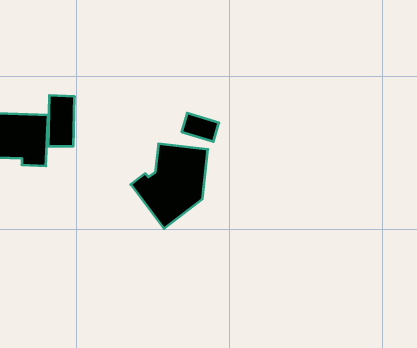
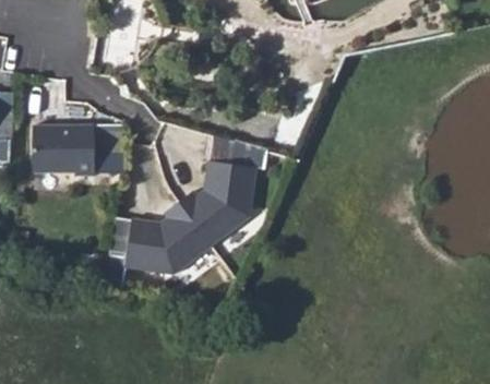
building: none -> [123,202,210,274]

